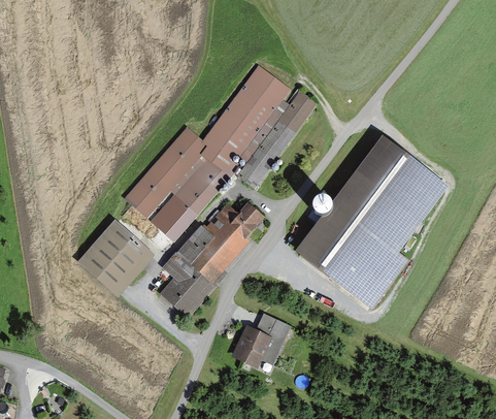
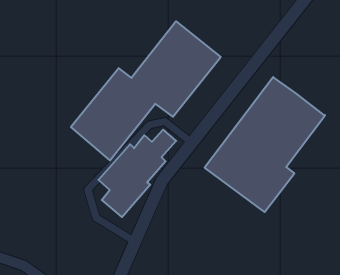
building: [74,217,153,295] -> none
building: [234,313,293,366] -> none

